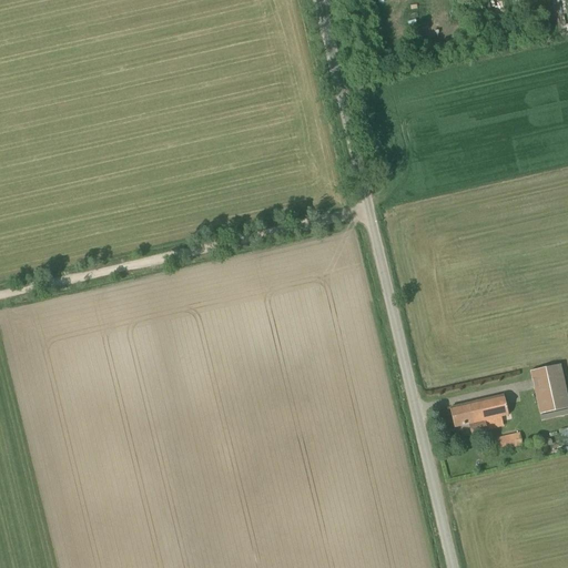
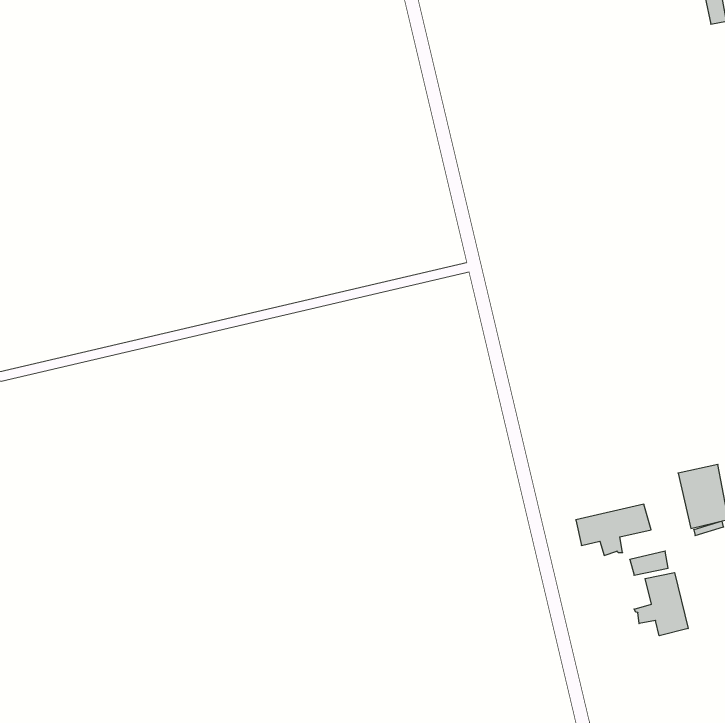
building: none -> [634,573,688,636]

